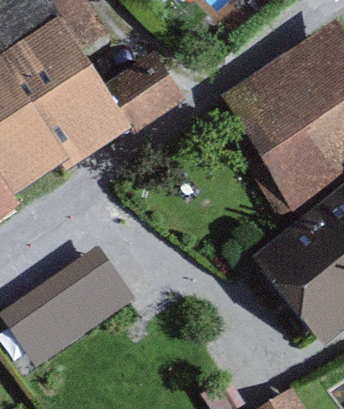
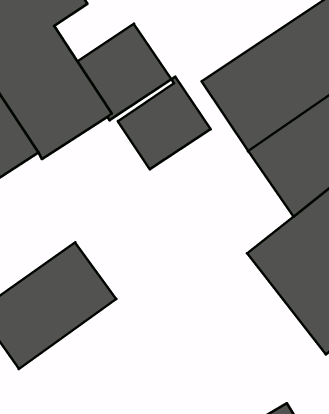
building: none -> [118,77,211,169]

